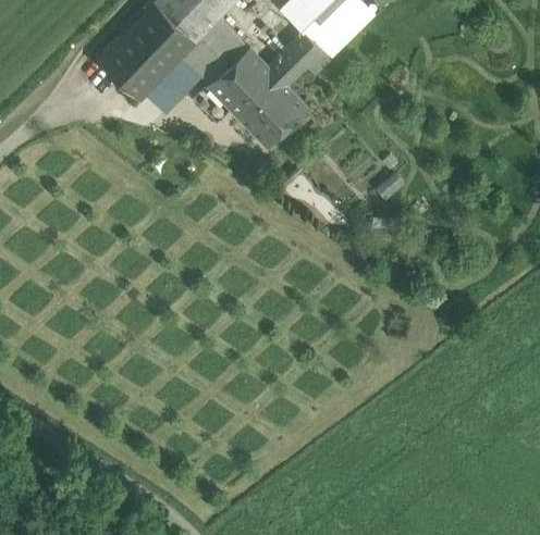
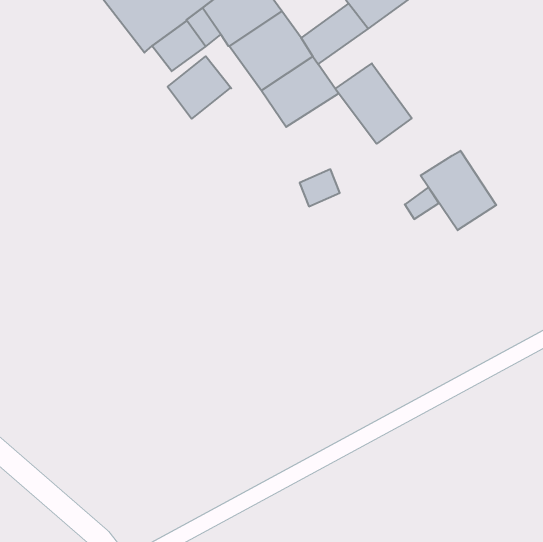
building: none -> [335,63,412,144]
building: none -> [168,56,231,119]
building: none -> [421,151,496,230]

